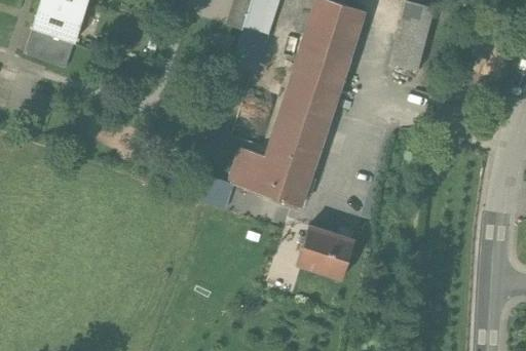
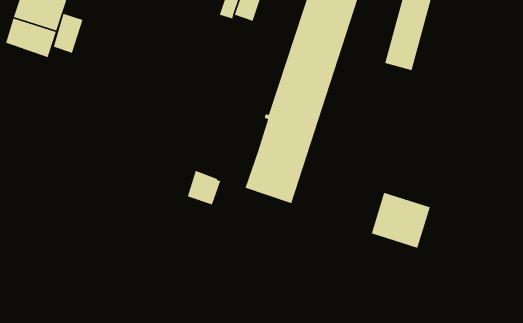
building: none -> [53,13,84,54]
building: [229,148,267,192] -> none
building: [297,226,354,280] -> [371,192,431,249]

